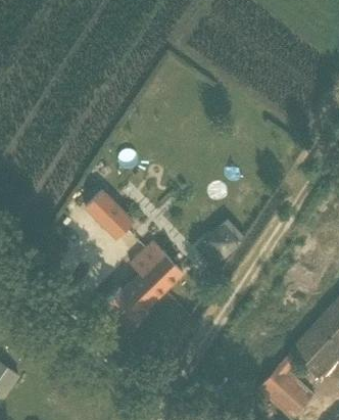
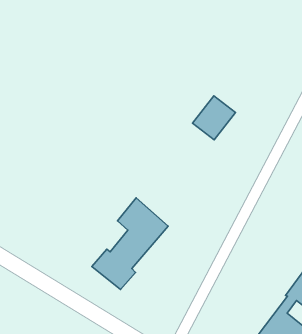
building: [84,191,133,240] -> none
building: [203,218,246,261] -> [193,96,235,140]

